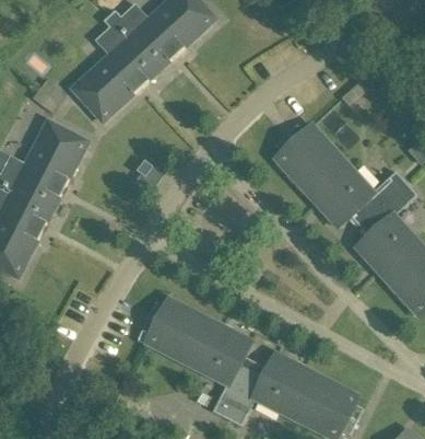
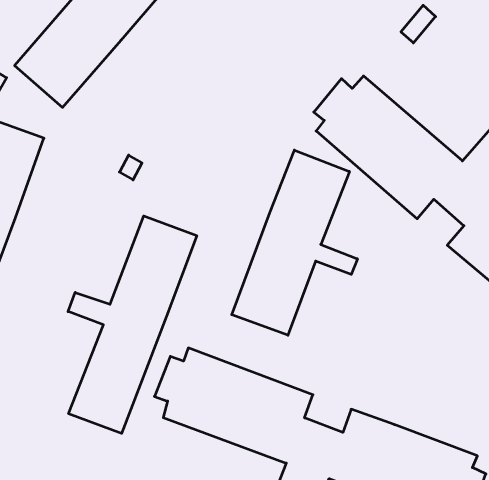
building: none -> [232,150,357,335]
building: none -> [68,216,197,433]

